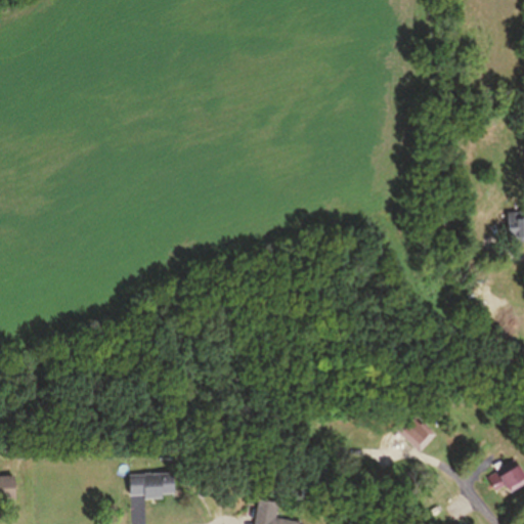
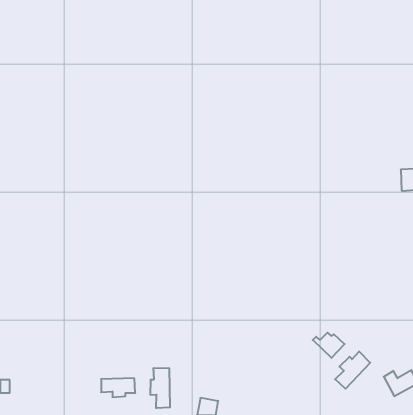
building: none -> [335,351,370,389]
building: none -> [151,368,170,408]

